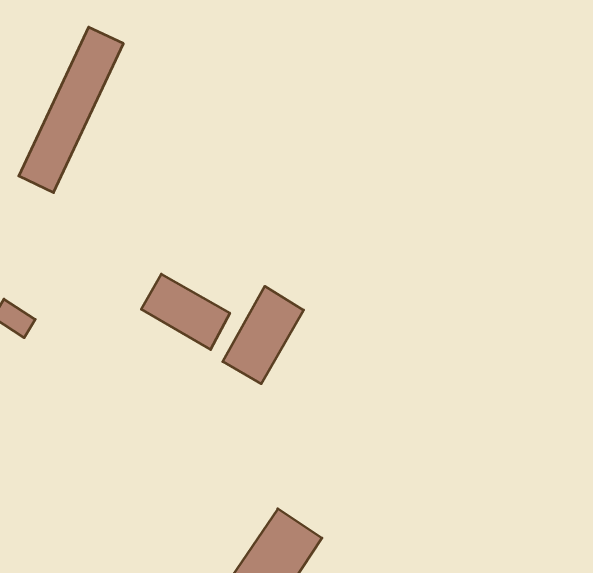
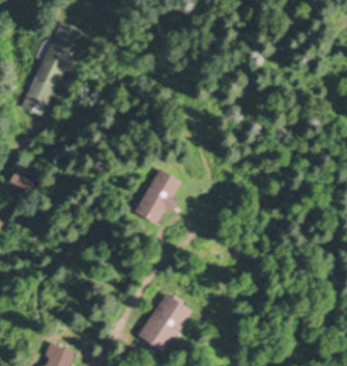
building: [141,274,230,350] -> none

